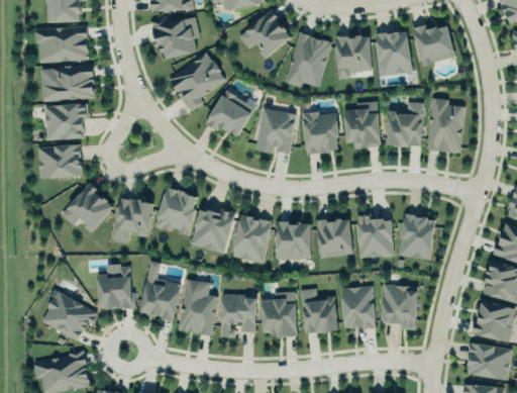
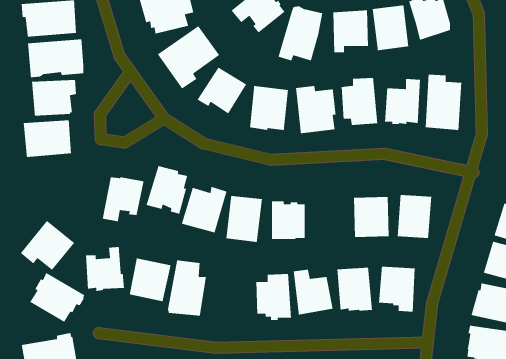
building: [61,183,114,232] -> [20,220,75,271]
building: [313,219,349,260] -> none
building: [219,291,258,338] -> none

